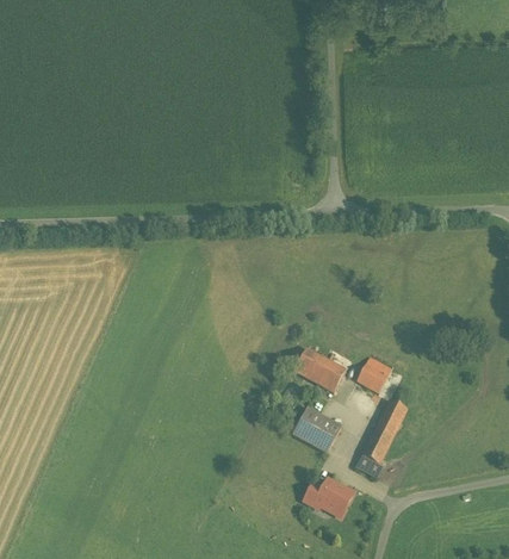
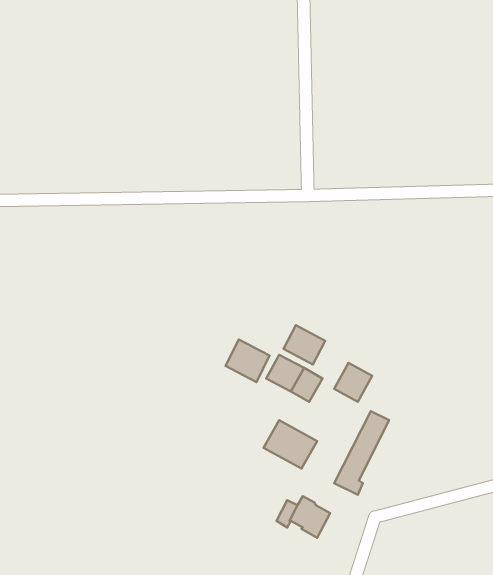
building: none -> [283,325,325,364]
building: none -> [226,339,269,382]

